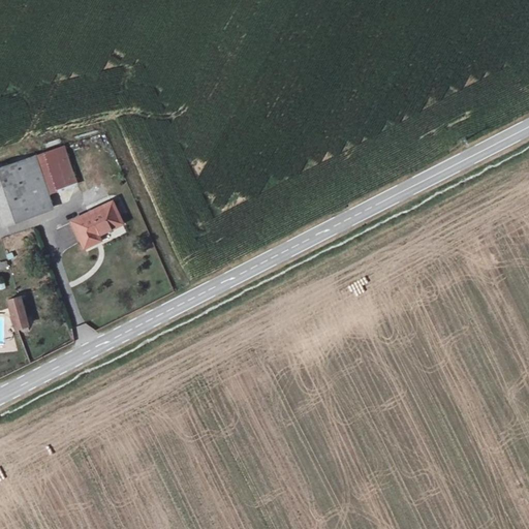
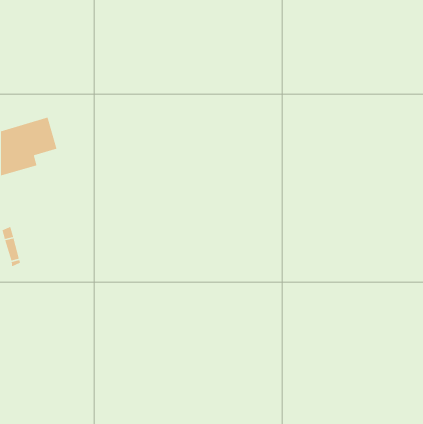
building: [75,206,125,243] -> none

